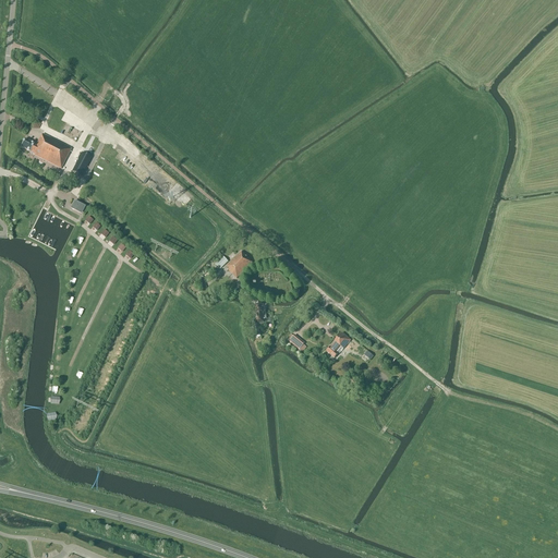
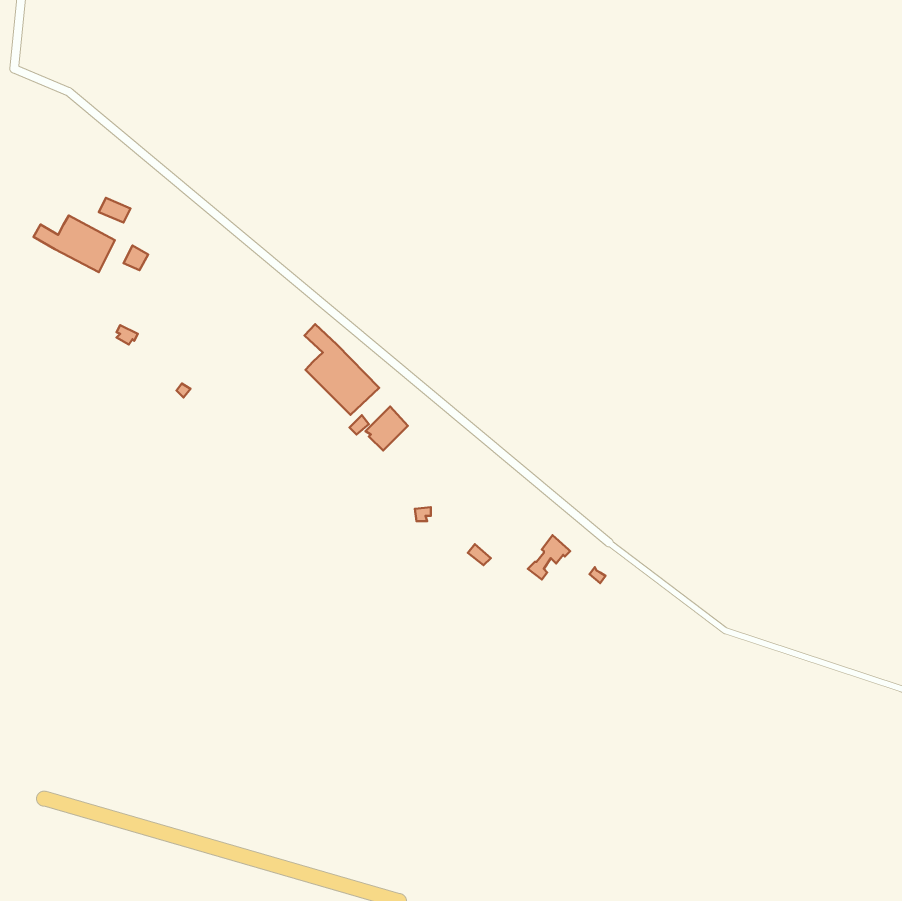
building: none -> [304,324,379,415]

